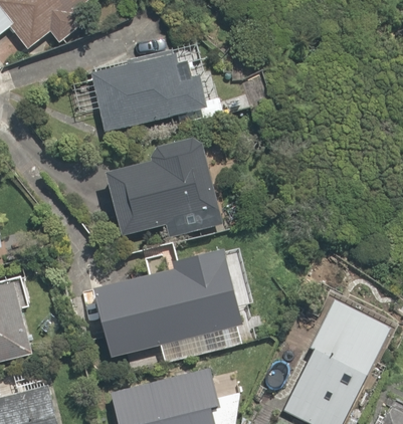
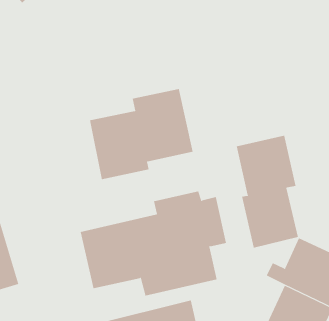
building: [88,53,209,136] -> none
building: none -> [236,135,299,249]

